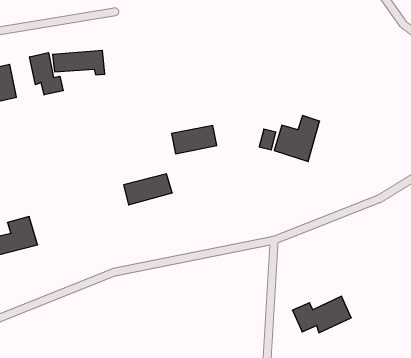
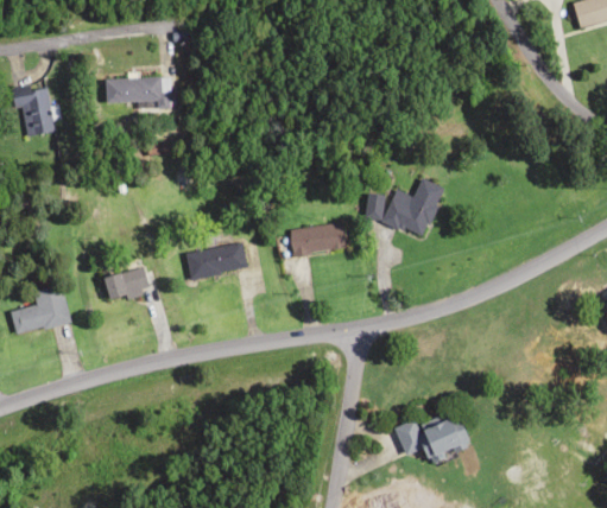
building: [30,53,63,95] -> none
building: [172,126,217,154] -> [289,222,346,255]
building: none -> [105,268,151,300]

